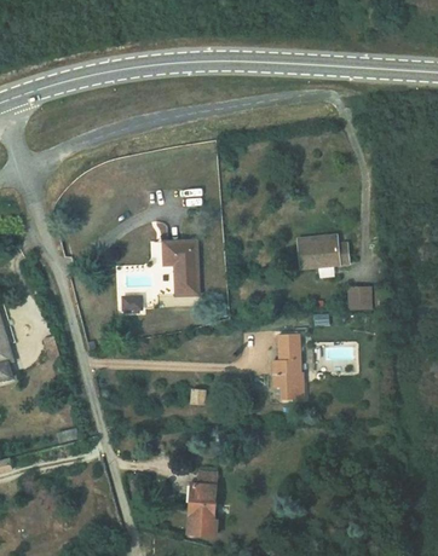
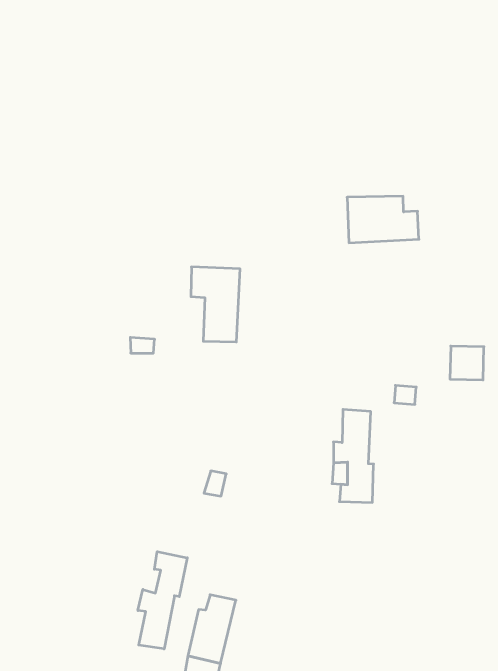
building: [298,234,350,270] -> [347,196,419,243]
building: none -> [138,552,187,649]

